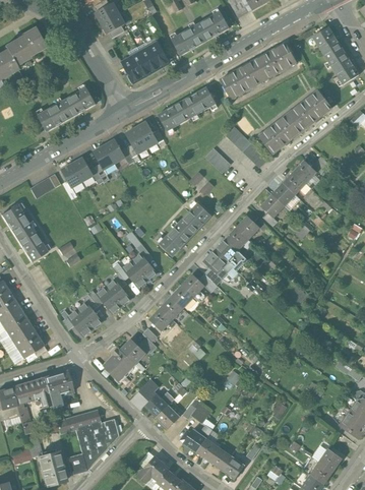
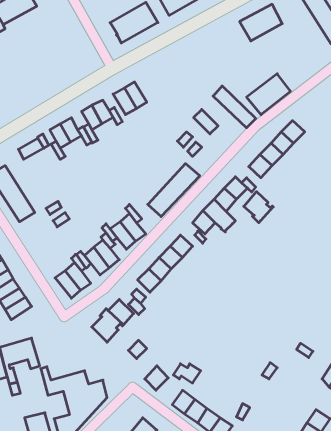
building: [220,61,262,99] -> none
building: [159,86,216,130] -> none
building: [38,87,96,130] -> none
building: [289,89,332,130] -> none
building: none -> [244,192,273,223]
building: [44,370,73,407] -> none
building: [144,391,174,417] -> none

